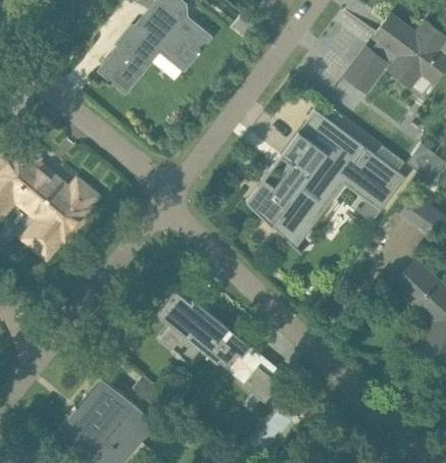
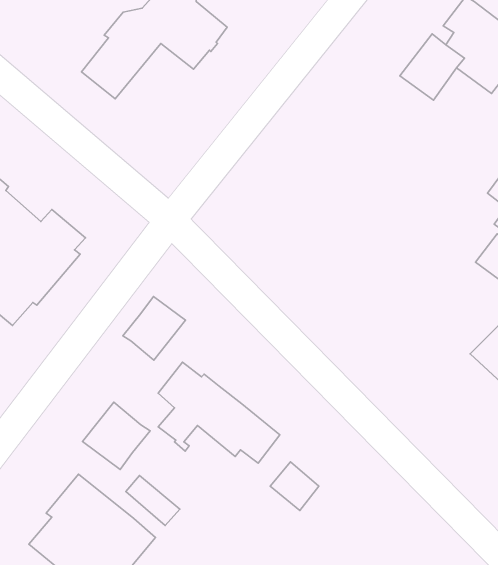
building: [245,108,405,254] -> none
building: none -> [123,297,186,360]
building: none -> [82,402,150,469]

